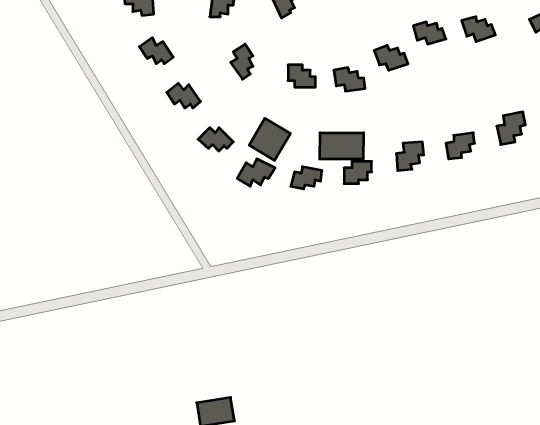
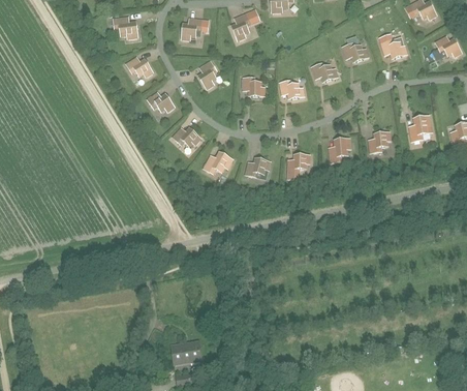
building: [249,118,290,160] -> none
building: [320,133,364,159] -> none

